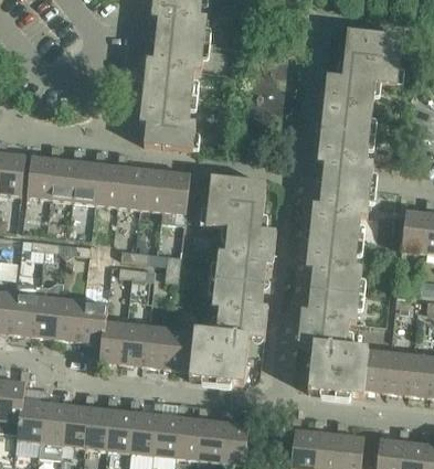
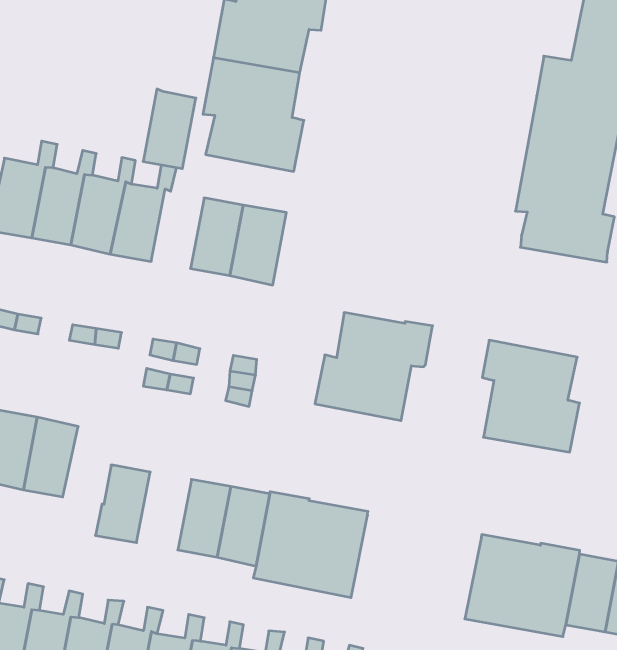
building: [117,166,144,209] -> [143,89,196,169]
building: [205,175,265,230] -> none
building: [308,182,370,241] -> none
building: [211,278,266,339] -> none
building: [297,289,358,347] -> none
building: [78,301,107,343] -> none
building: [121,323,149,365] -> none

